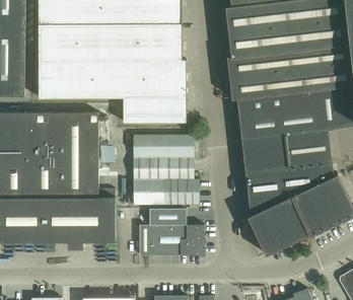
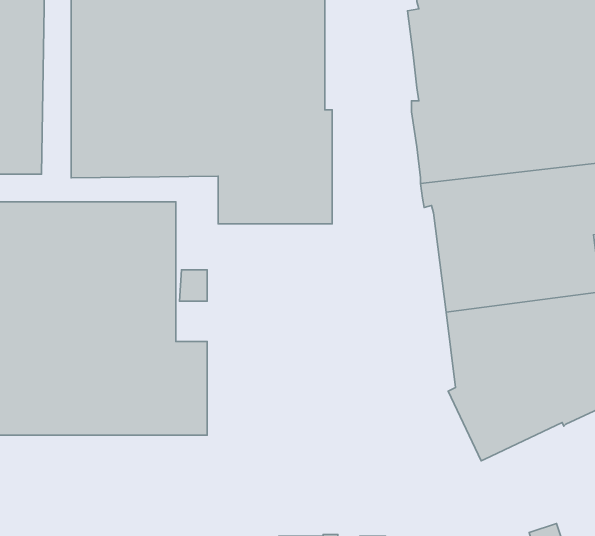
building: [133,137,199,204] -> none
building: [139,208,204,254] -> none

